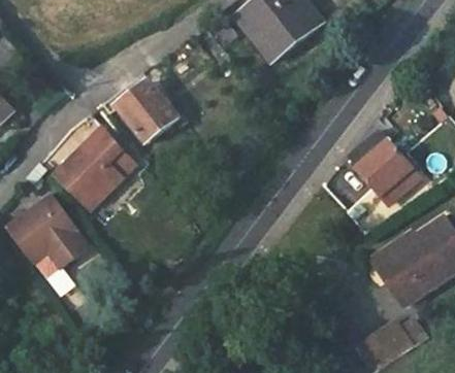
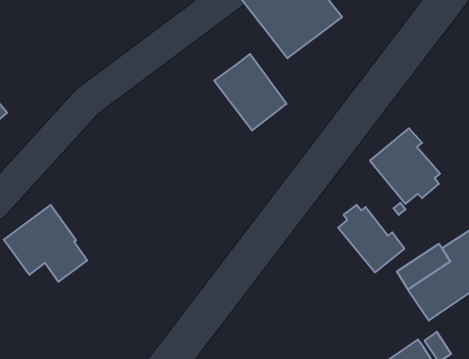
building: [110,73,177,144] -> [214,54,287,131]
building: [57,131,123,211] -> none
building: none -> [338,205,404,272]

